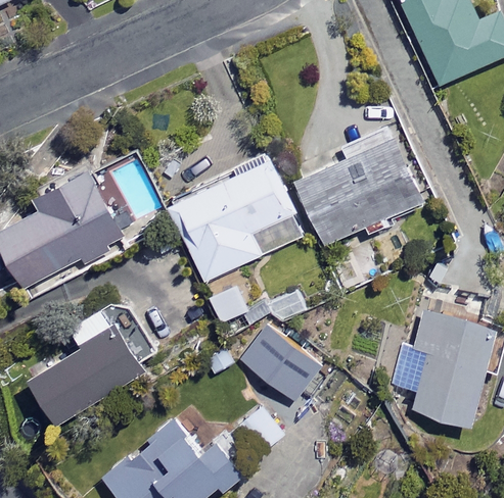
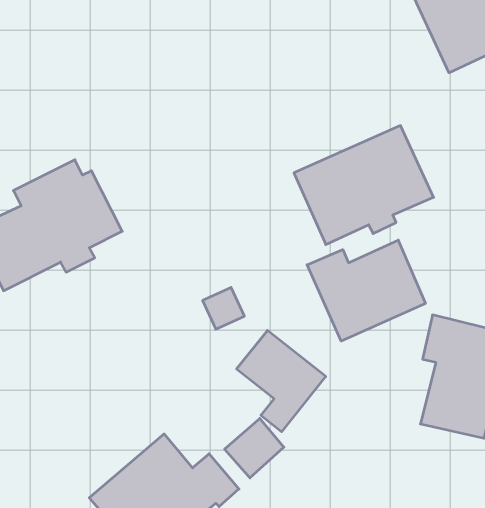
building: [169,159,305,283] -> none
building: none -> [307,240,425,341]
building: [29,304,141,421] -> none

